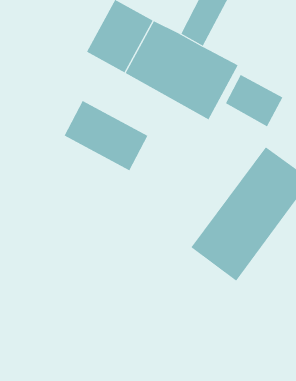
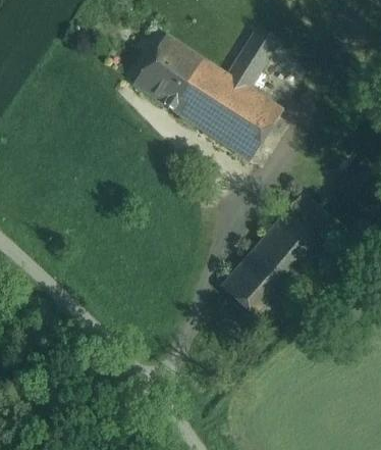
building: [225,74,283,127] -> none
building: [64,100,148,171] -> none

